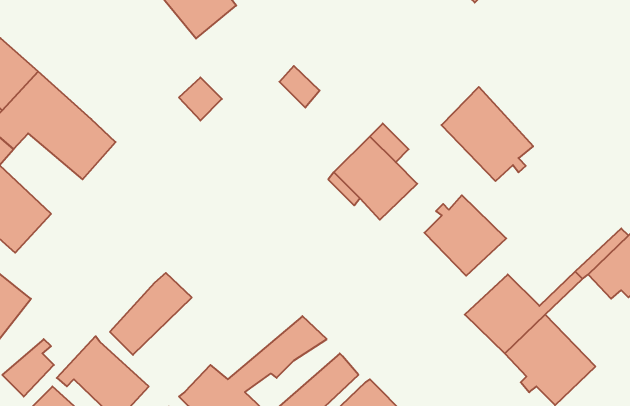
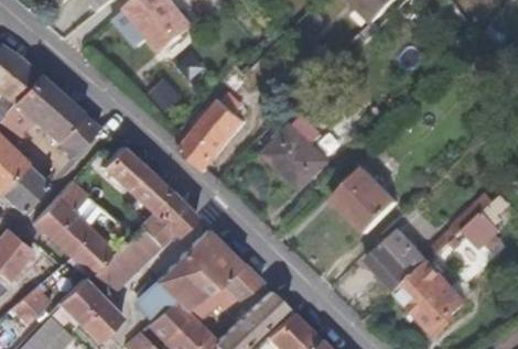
building: [441,87,533,181] -> none
building: none -> [177,90,246,171]
building: none -> [100,144,194,248]
building: none -> [32,183,115,276]
building: none -> [134,228,241,320]

